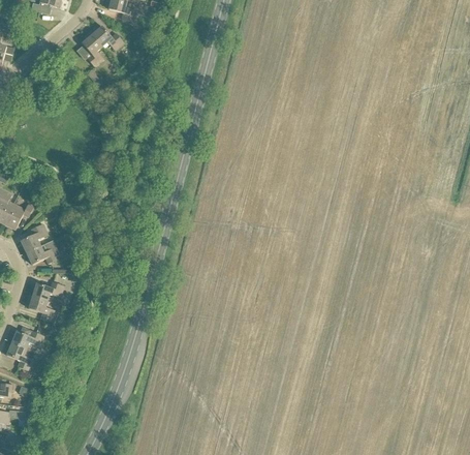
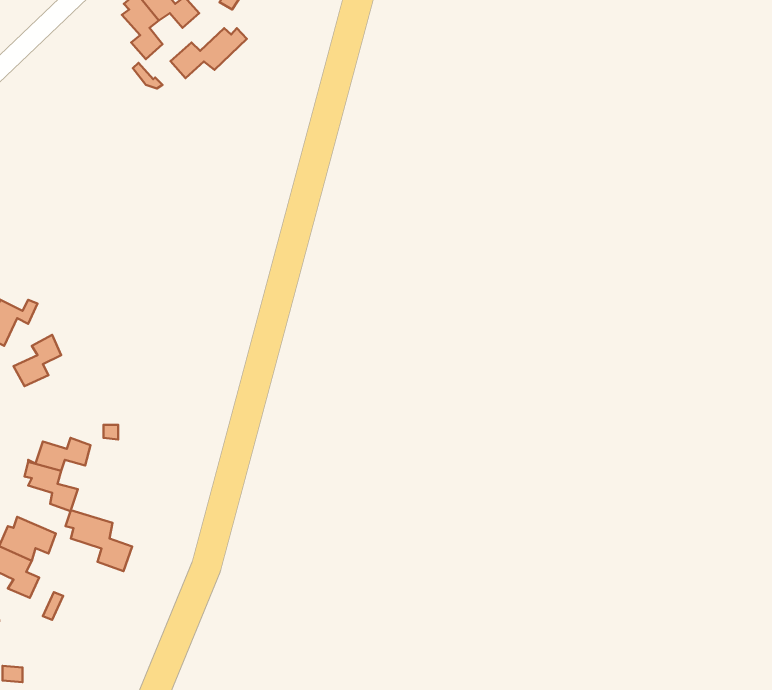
building: none -> [171,28,247,78]
building: [26,240,59,265] -> none
building: none -> [66,510,132,571]

